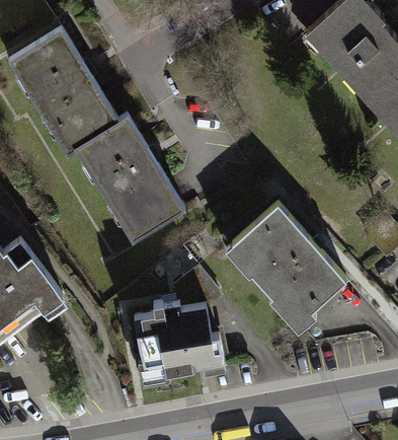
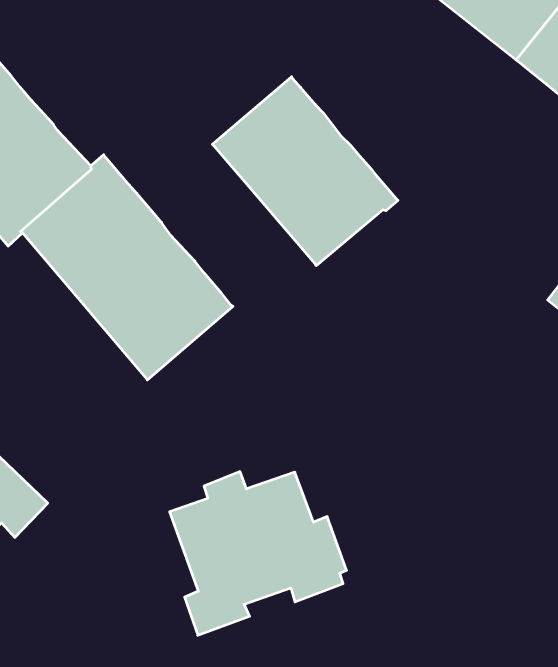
building: none -> [212,77,398,266]
building: [228,206,348,335] -> none

